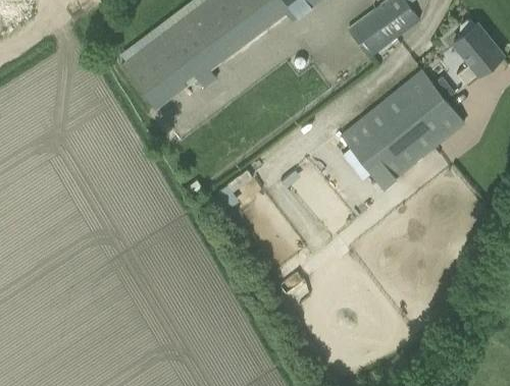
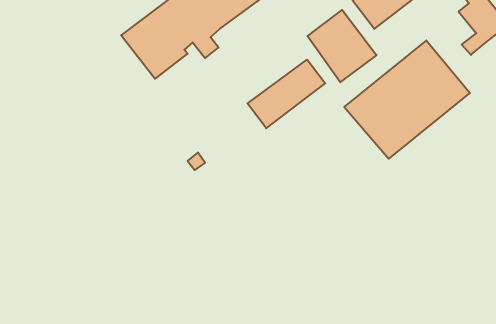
building: none -> [307,10,377,82]
building: none -> [247,60,325,128]

